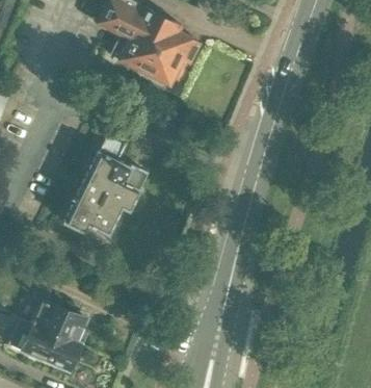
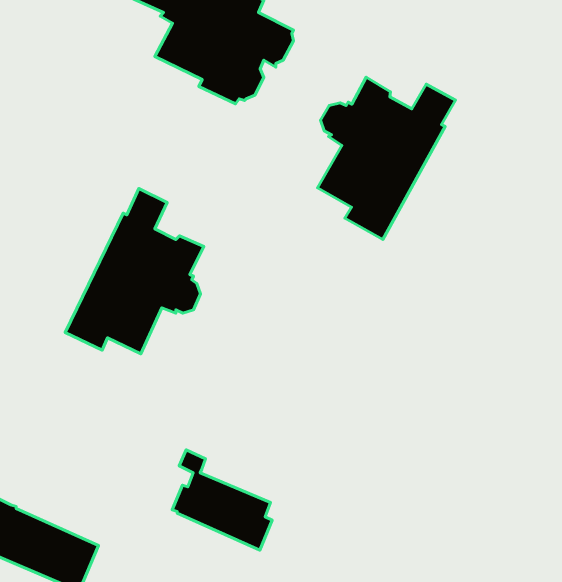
building: none -> [317,77,456,240]
building: [30,288,89,347] -> [172,450,272,550]

